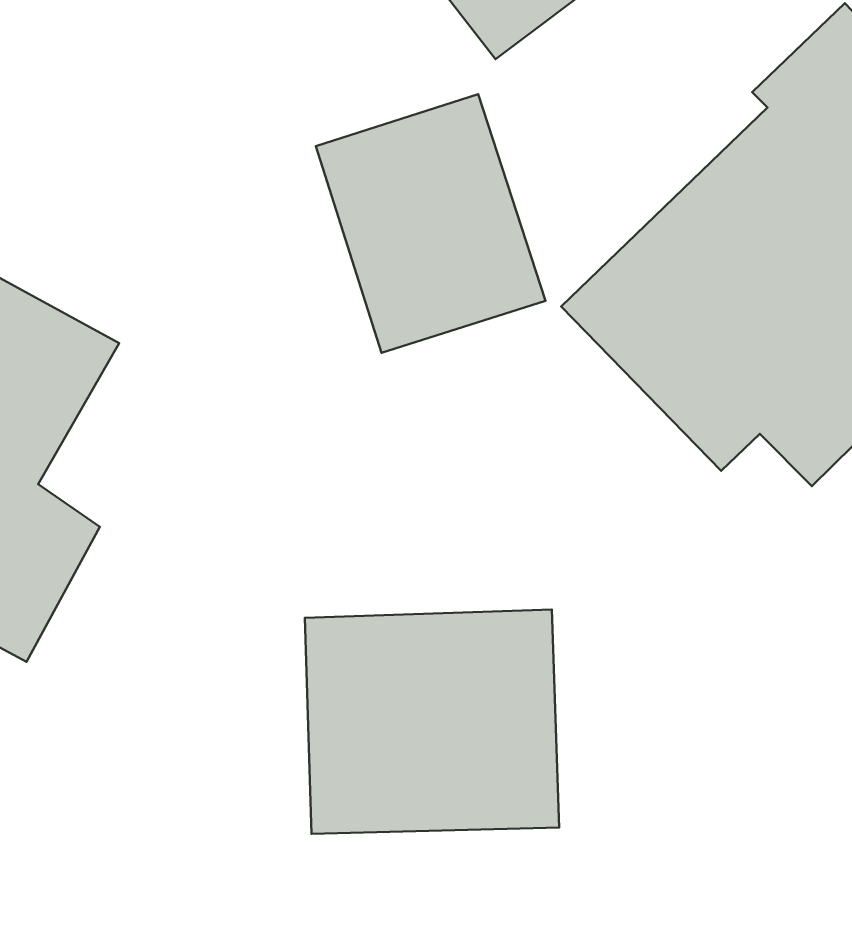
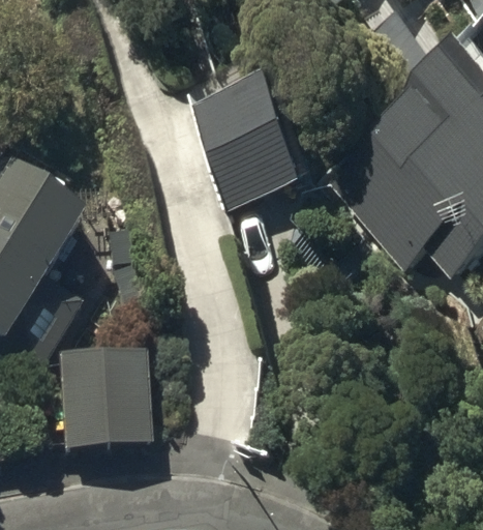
building: [305,610,559,834] -> none
building: none -> [58,347,149,441]

